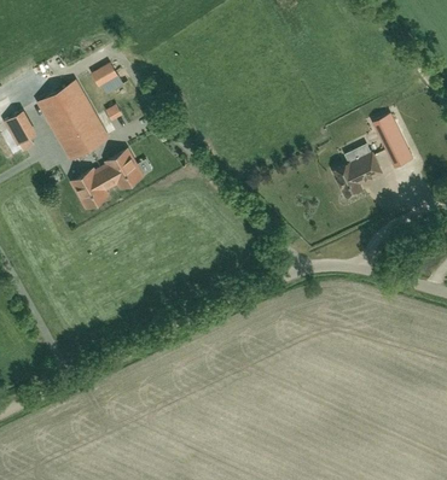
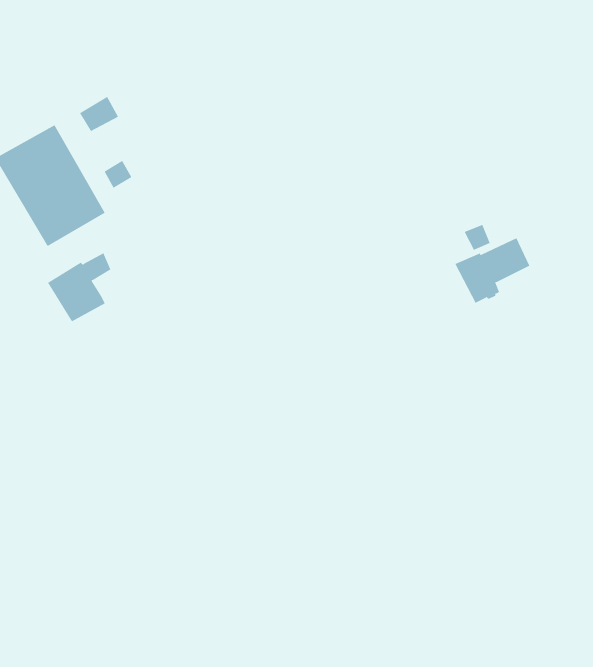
building: [375,112,407,153] -> none
building: [101,150,144,191] -> none

